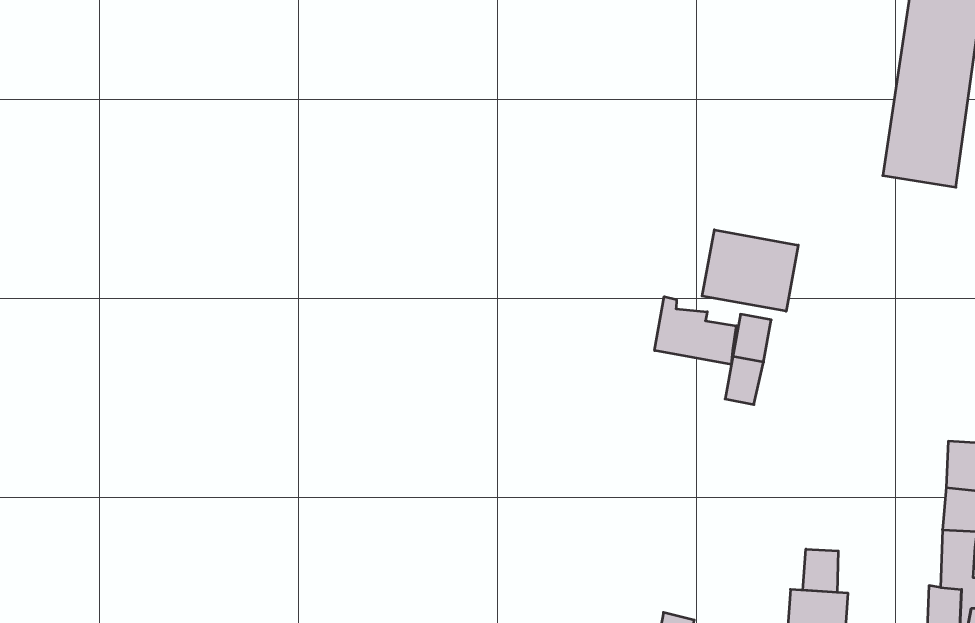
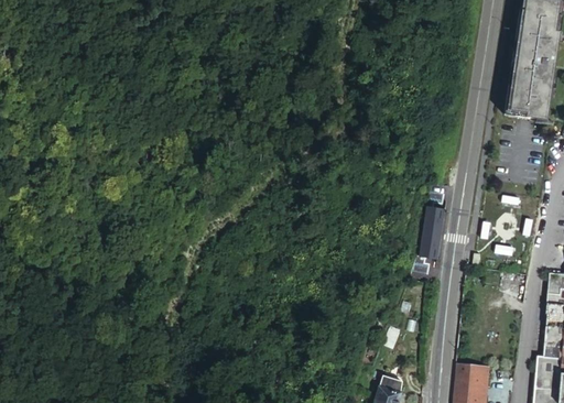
building: [702,230,798,311] -> none
building: [655,297,736,365] -> none
building: [803,549,838,592] -> none

